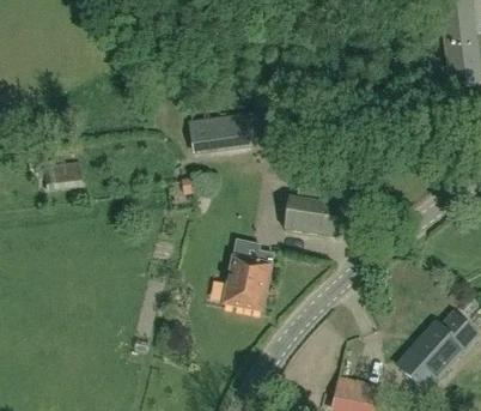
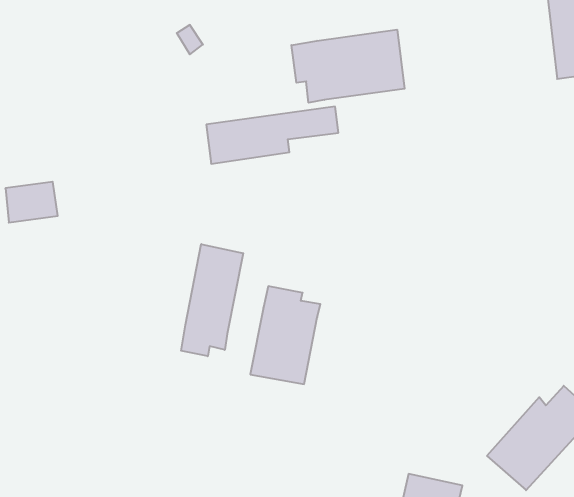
building: none -> [291,30,405,103]
building: [285,182,345,236] -> none
building: none -> [181,244,243,356]

